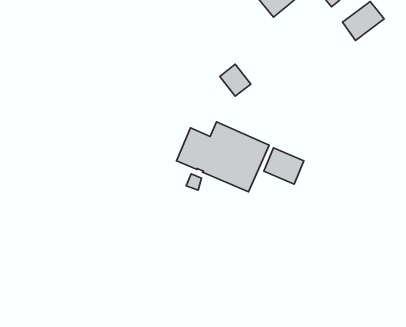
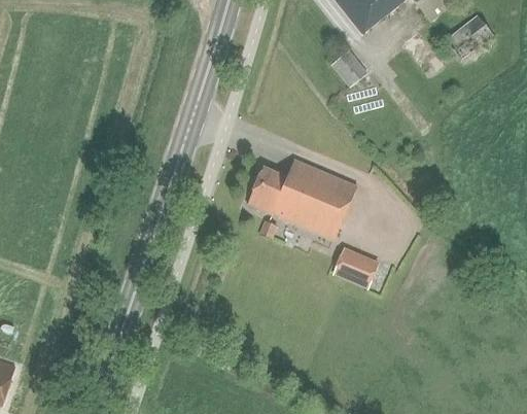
building: [220,64,251,96] -> [331,49,368,88]
building: [264,148,304,184] -> [332,246,380,289]

